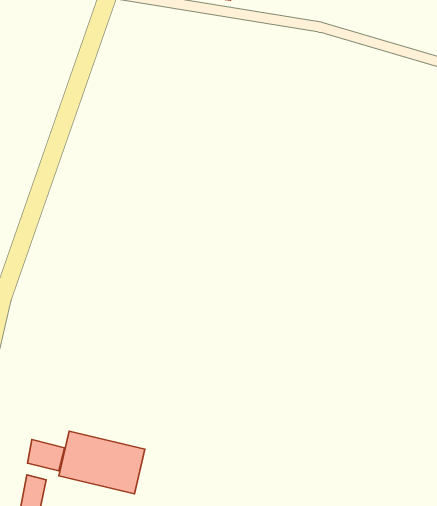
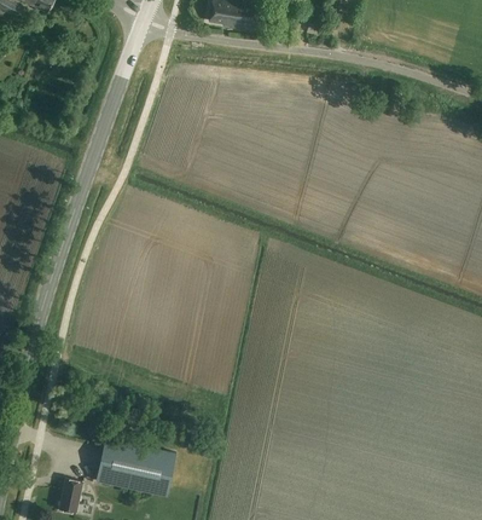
building: [27,440,64,471] -> none

